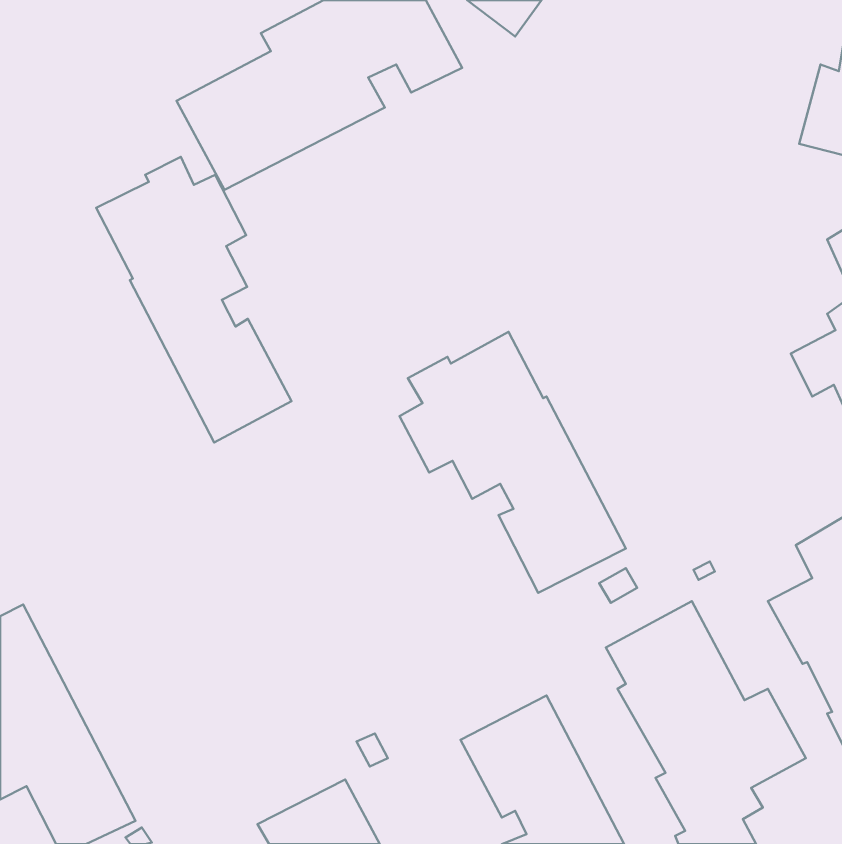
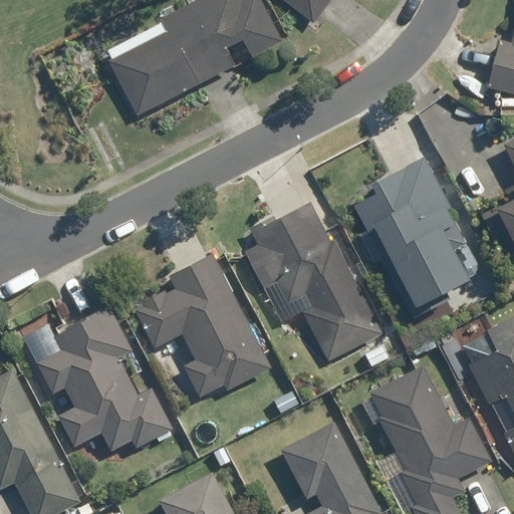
building: [96,157,291,442] -> none
building: none -> [355,157,469,313]
building: none -> [135,254,270,398]
building: none -> [37,307,173,452]

